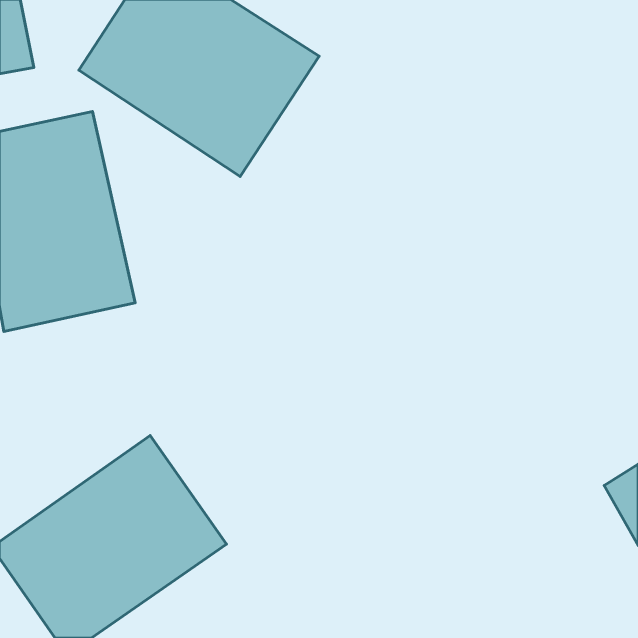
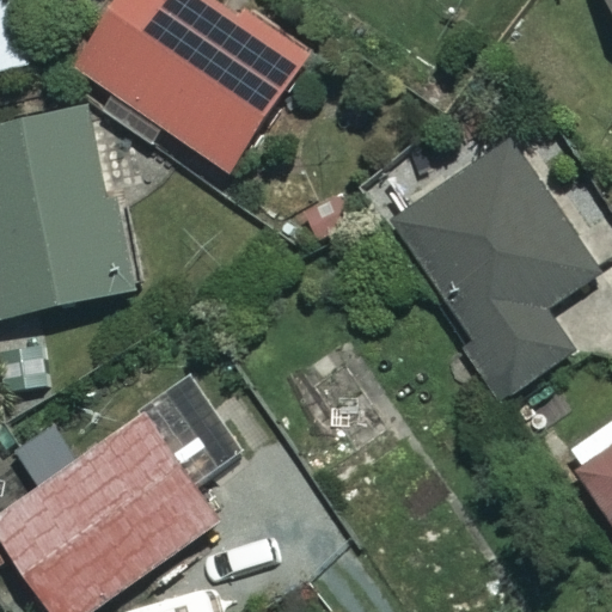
building: none -> [392,143,598,394]

